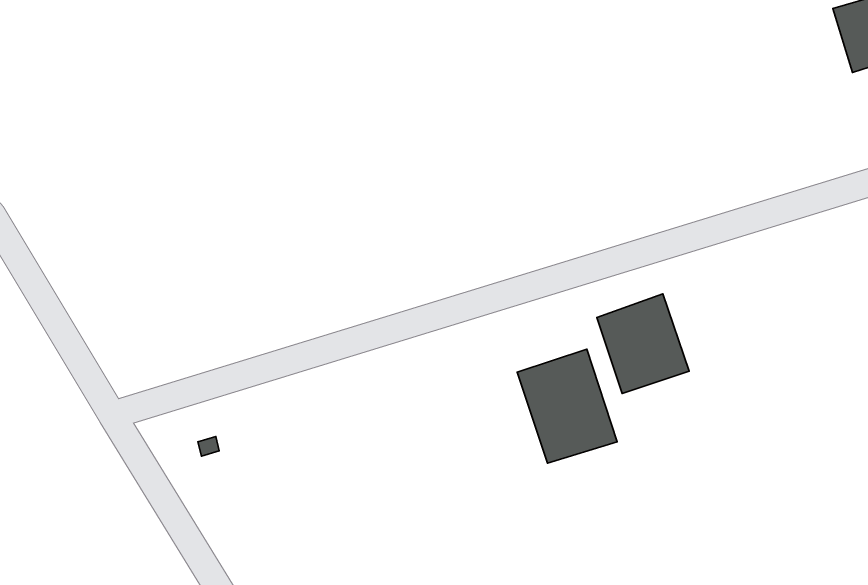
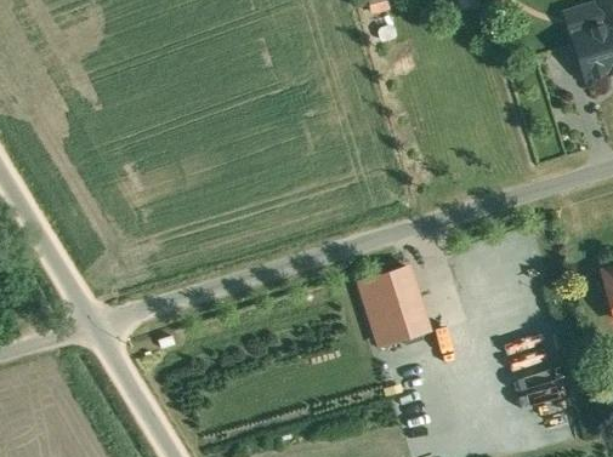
building: [597,294,689,394] -> none

